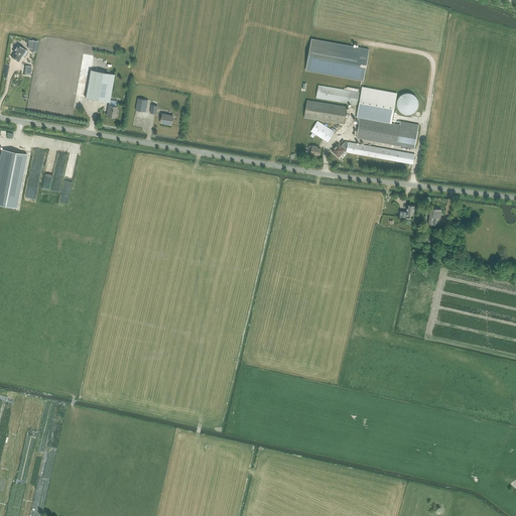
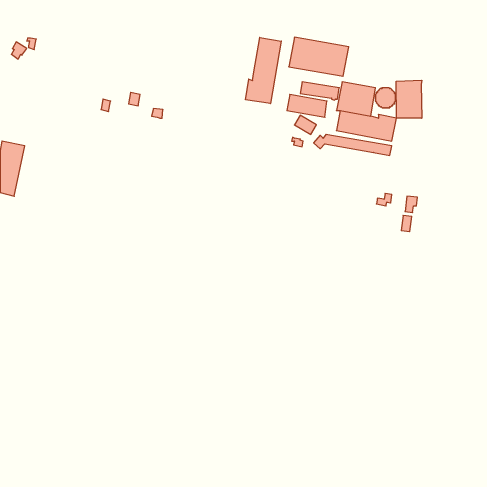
building: none -> [246,37,281,104]
building: [86,70,115,103] -> none
building: none -> [396,80,422,118]

